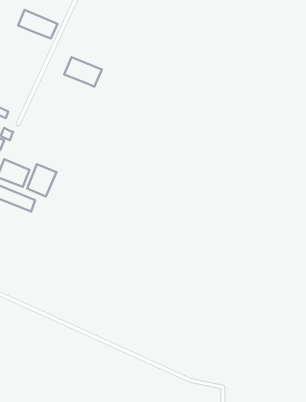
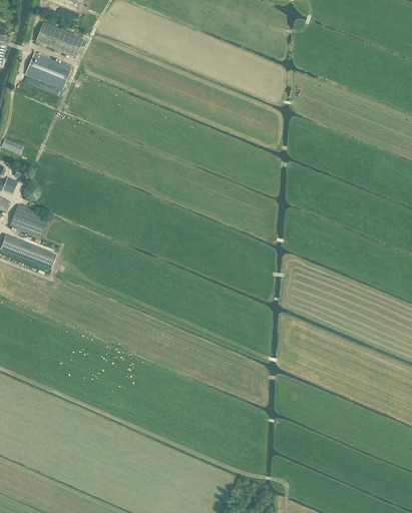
building: [64,57,102,87] -> [25,53,71,89]
building: [27,164,57,197] -> none

